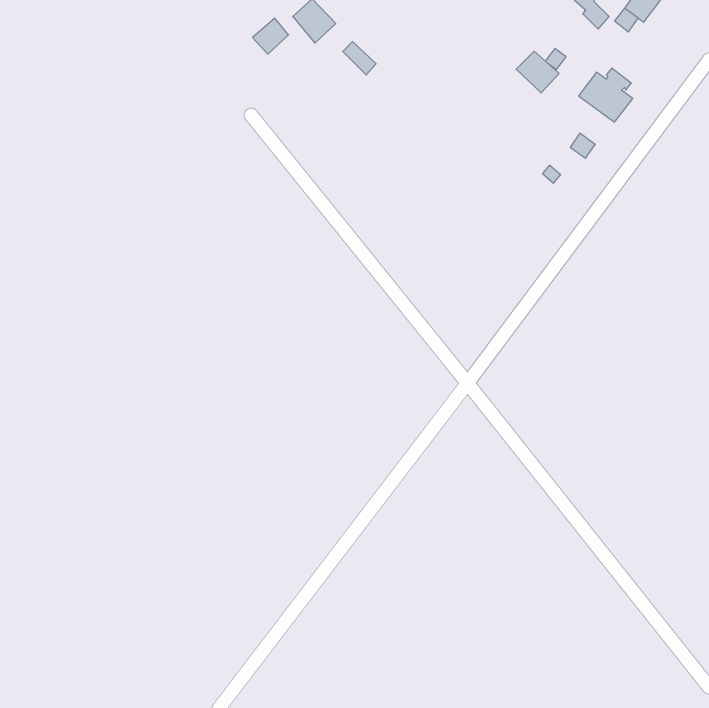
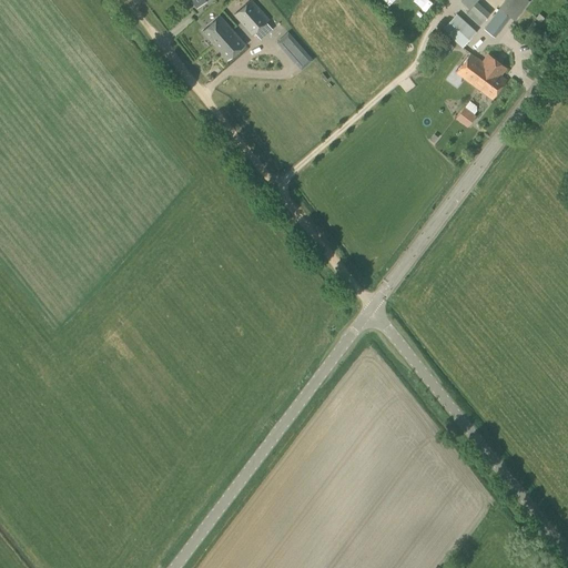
building: none -> [214,28,244,59]
building: [516,51,559,93] -> [442,13,476,47]

